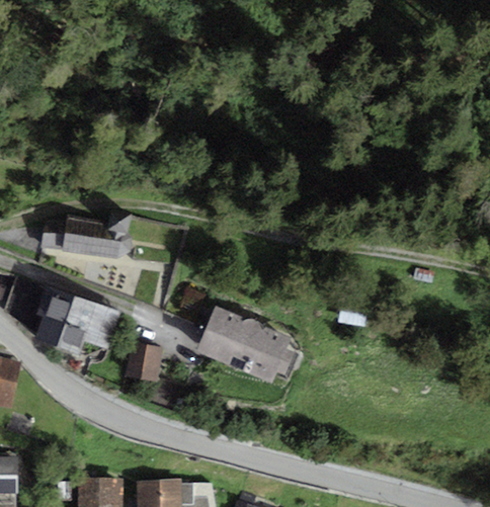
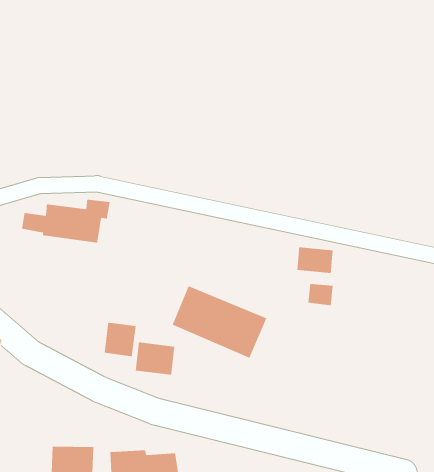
building: none -> [297,247,333,274]
building: [33,289,120,351] -> none
building: none -> [135,342,175,376]

